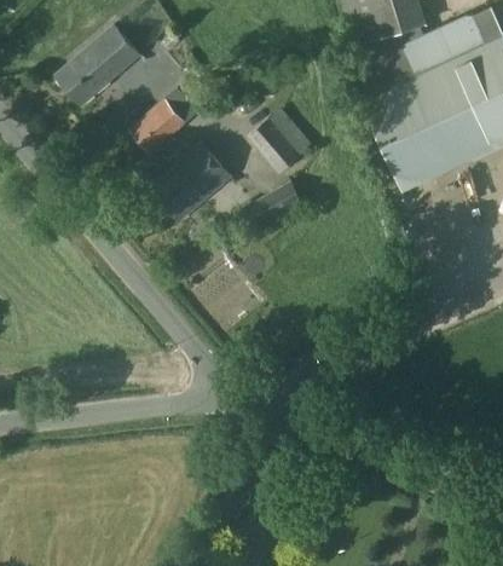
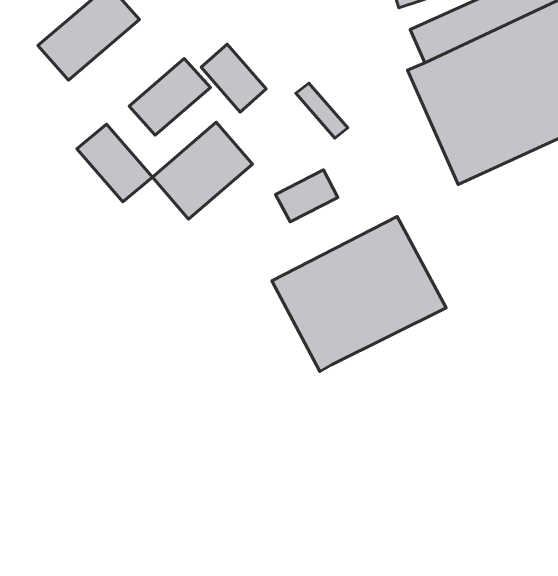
building: [247,116,301,173] -> [201,44,266,112]
building: none -> [77,124,152,202]
building: none -> [272,216,446,371]

